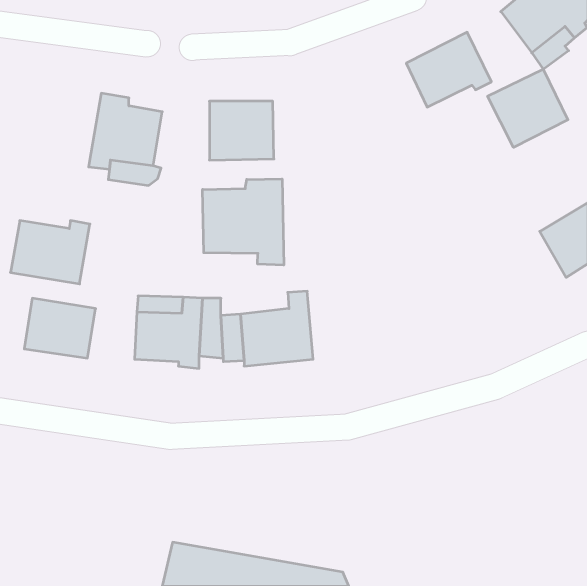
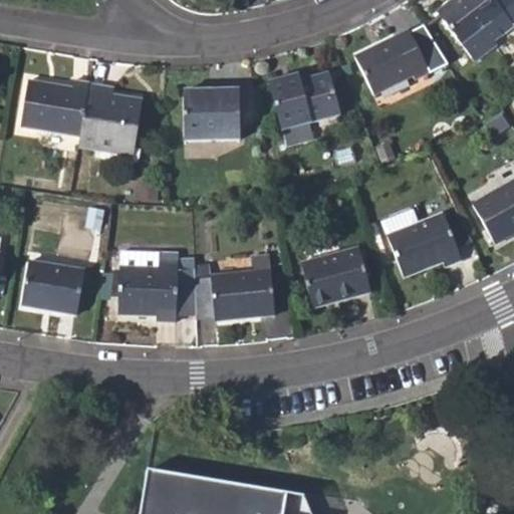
building: [488,69,568,147] -> none
building: none -> [270,71,339,128]
building: [203,179,284,265] -> none
building: [10,221,90,284] -> [20,78,89,134]
building: none -> [387,212,462,276]
building: none -> [300,245,369,306]

